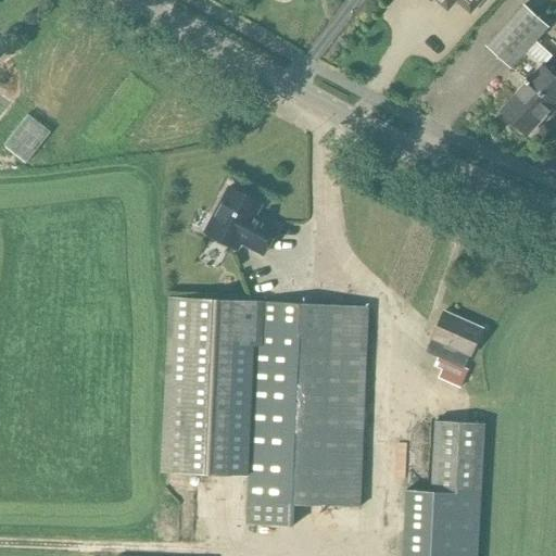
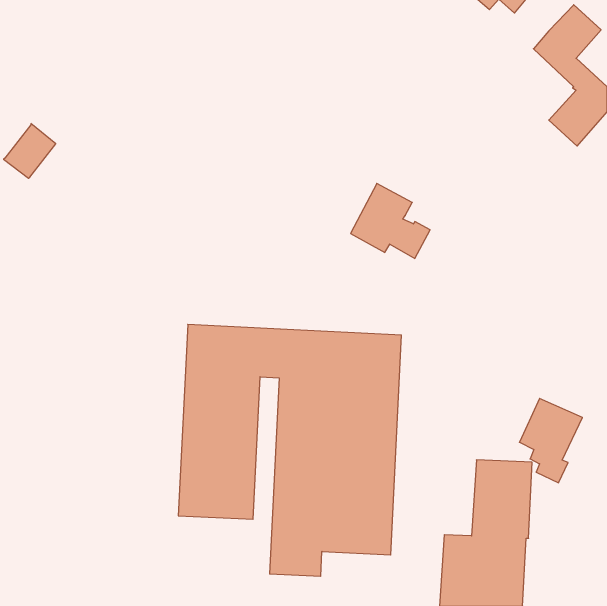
building: [205,186,278,254] -> [351,183,430,258]
building: [426,311,483,388] -> [519,398,582,483]

